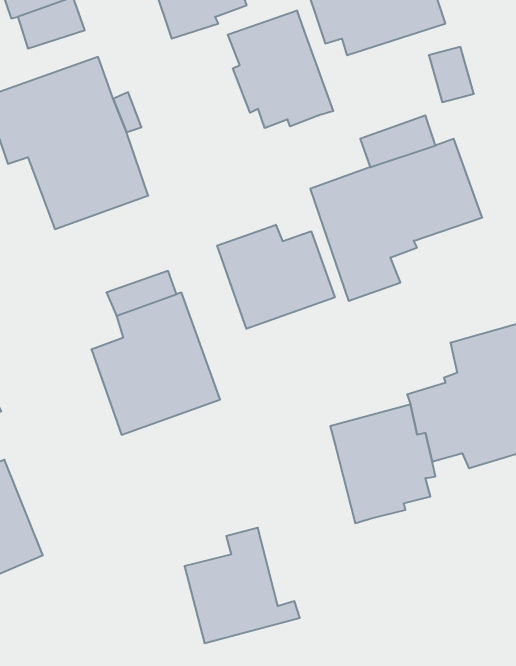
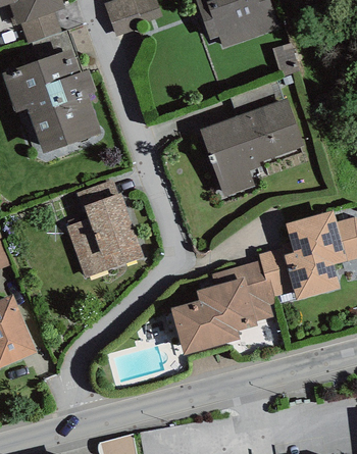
building: [228,10,333,128] -> none
building: [217,225,335,329] -> none
building: [184,528,300,643] -> [169,285,240,355]

